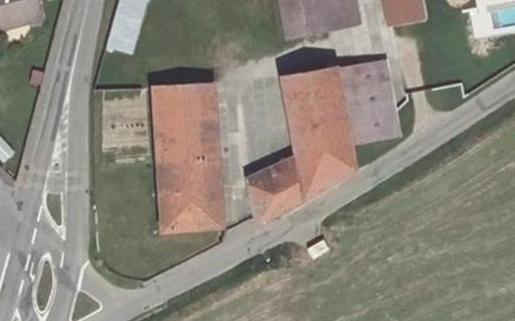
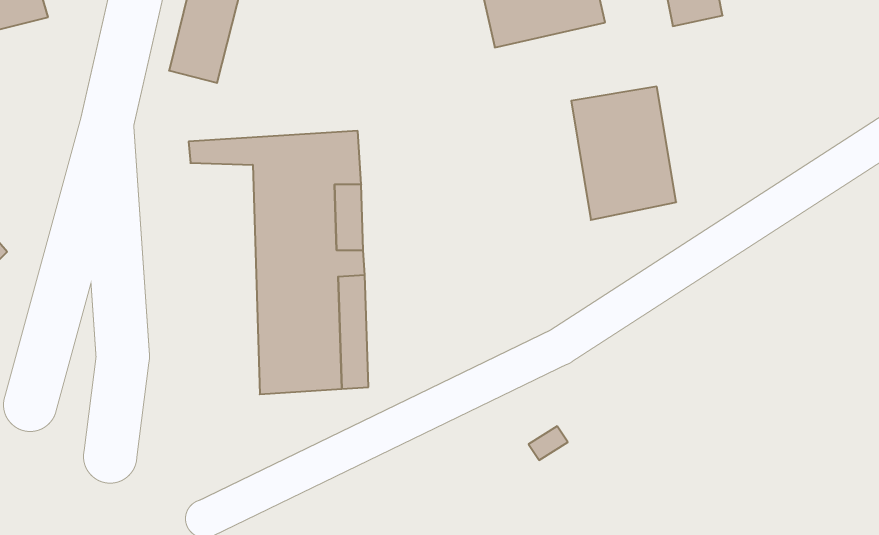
building: [246,66,350,221] -> none

